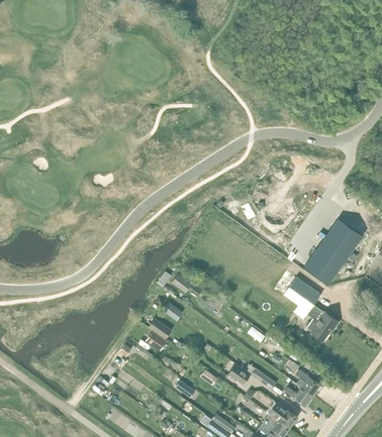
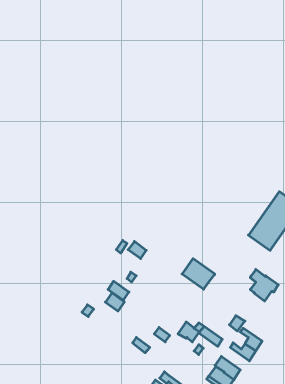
building: [284,278,320,312] -> [182,259,215,289]

